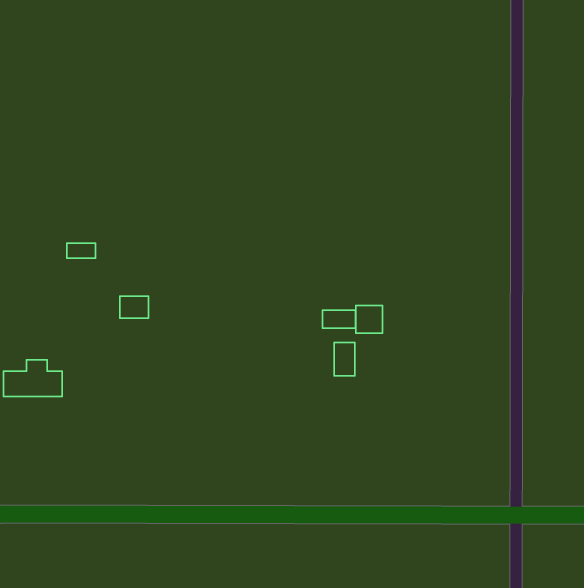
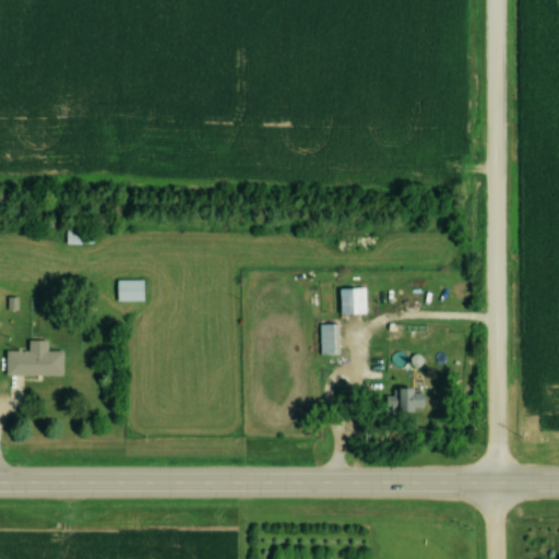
building: [323,310,355,328] -> none
building: none -> [391,390,424,415]

